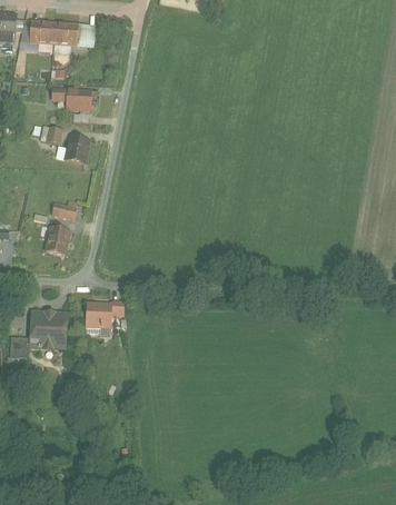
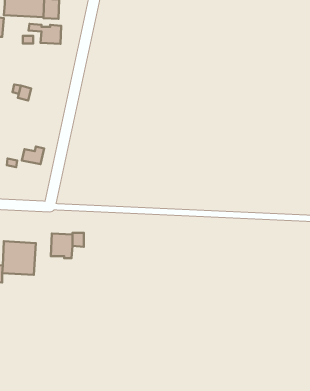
building: [51,88,90,111] -> [28,24,61,44]
building: [62,137,90,165] -> none
building: [42,226,70,256] -> none

